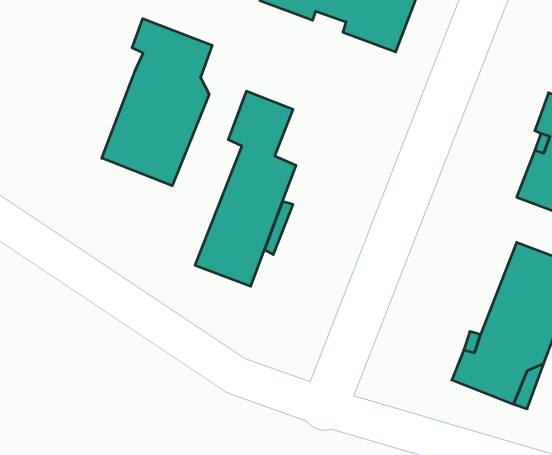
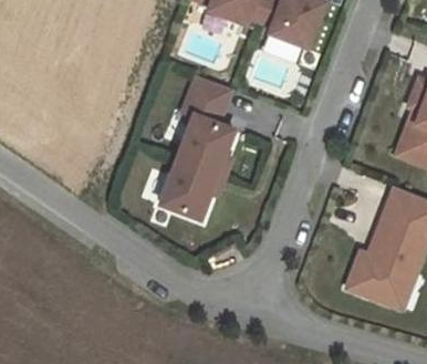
building: [102,19,212,186] -> none

